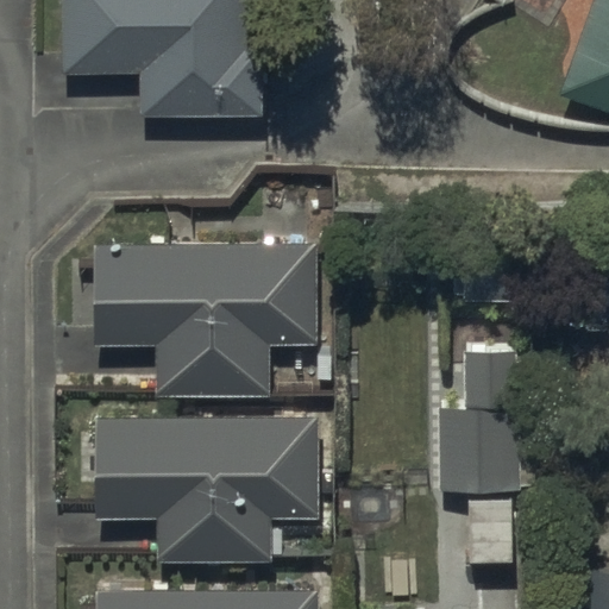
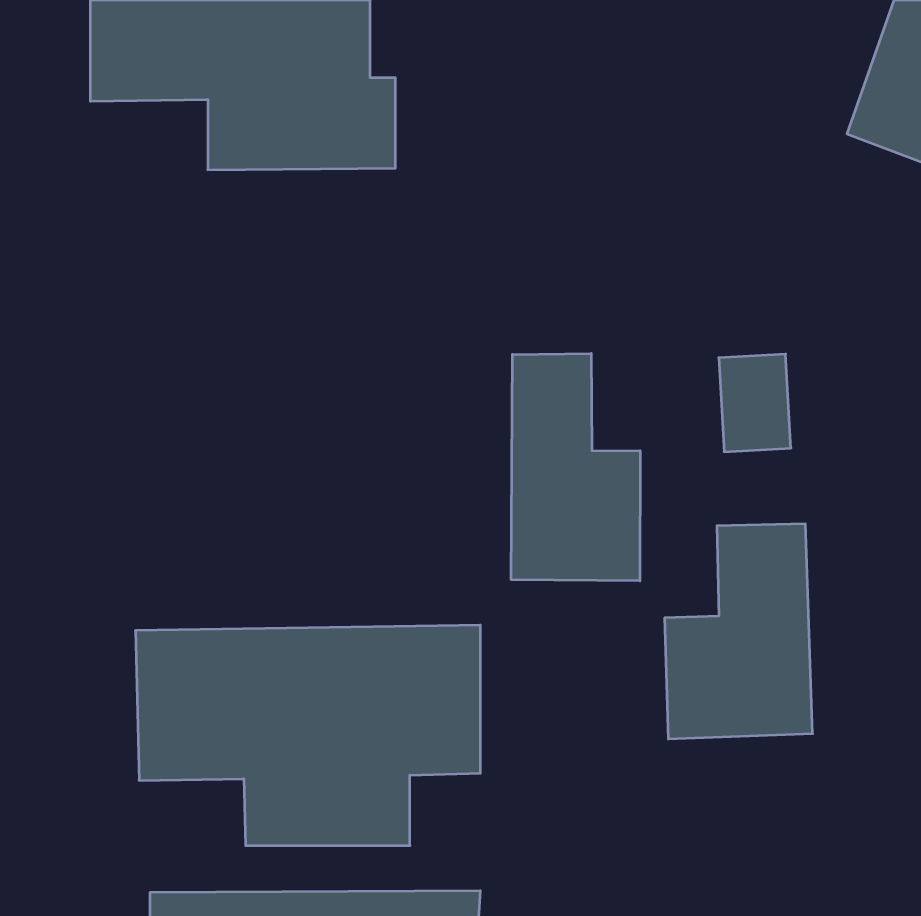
building: none -> [511,353,640,581]
building: [95,246,316,396] -> none

